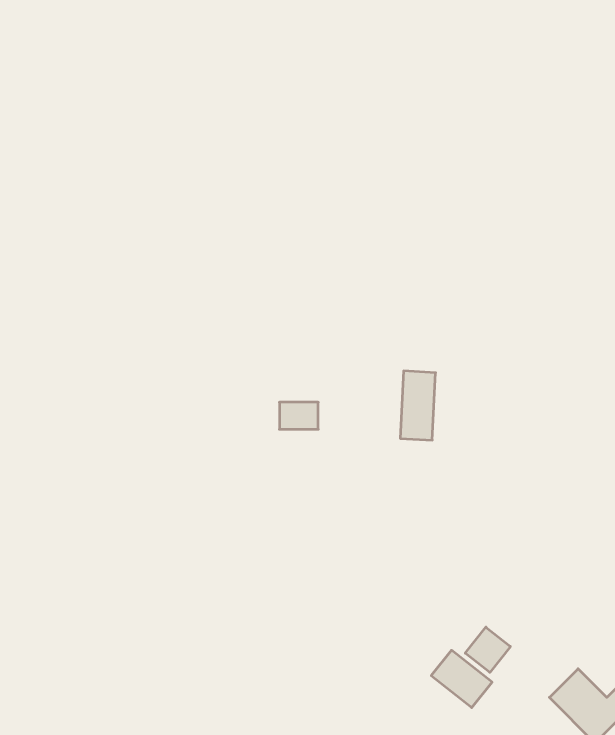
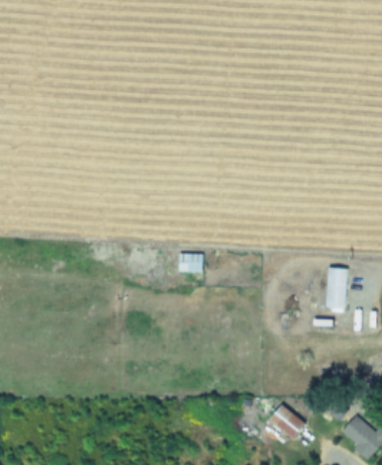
building: [400,371,436,440] -> [325,268,347,309]
building: [465,627,510,672] -> none

